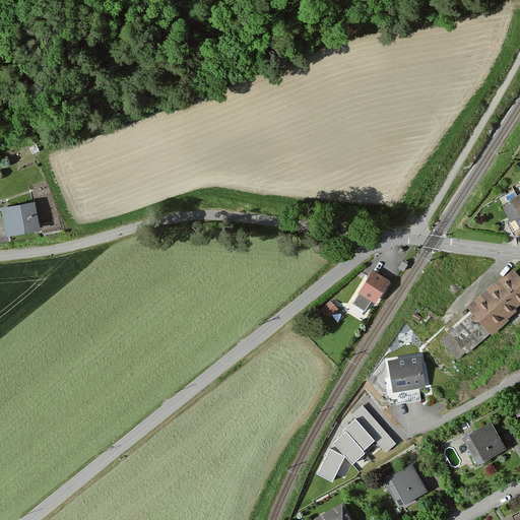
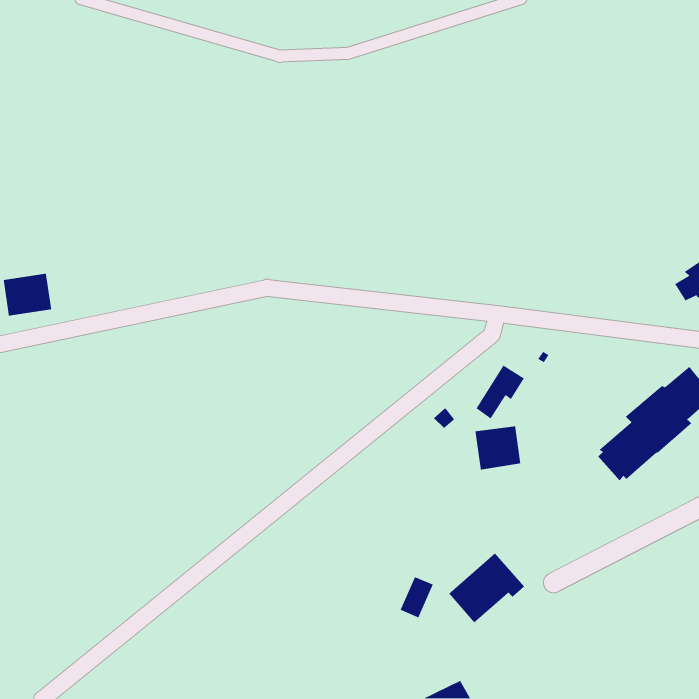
building: [390,355,425,389] -> [475,425,521,471]
building: [466,424,505,462] -> none
building: [320,448,345,479] -> [400,576,434,619]
building: [382,466,425,508] -> none

